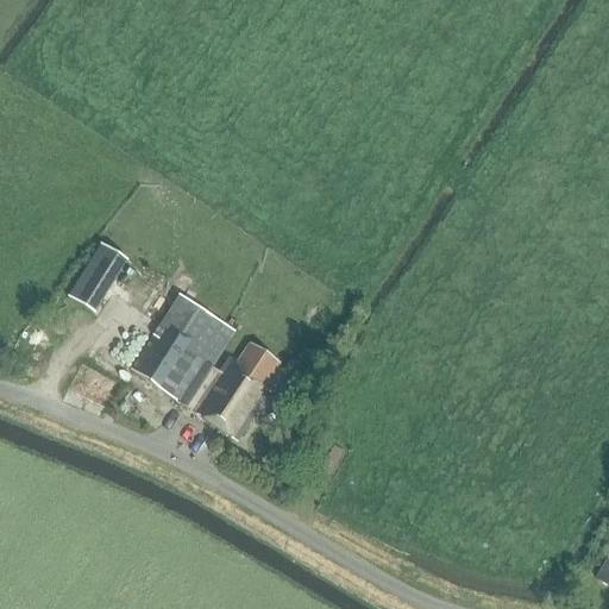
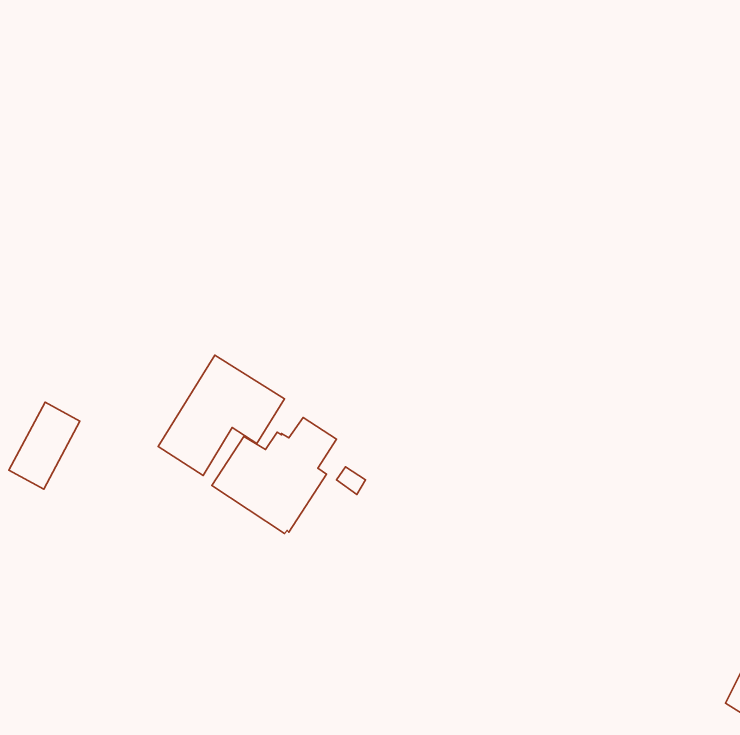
building: [74,237,132,308] -> [9,402,80,489]

